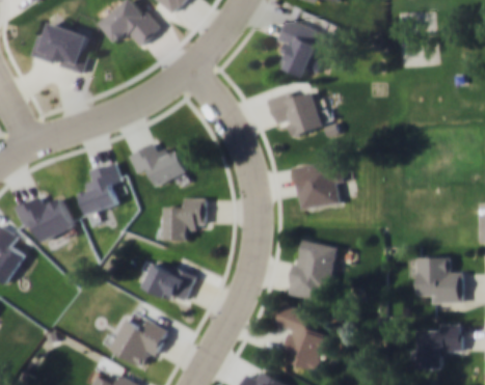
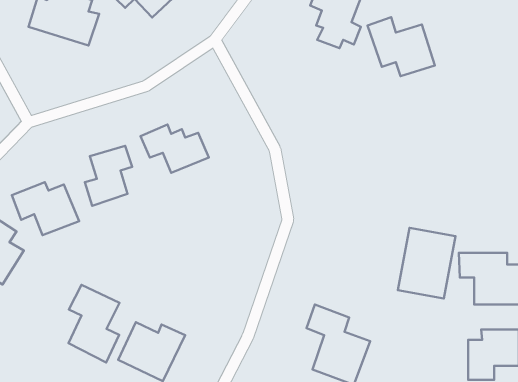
building: [264,84,323,136] -> [368,17,435,76]
building: [292,159,345,210] -> none
building: [163,197,206,240] -> none
building: [287,239,338,301] -> [398,228,456,298]
building: [142,264,195,304] -> none
building: none -> [69,285,119,362]

